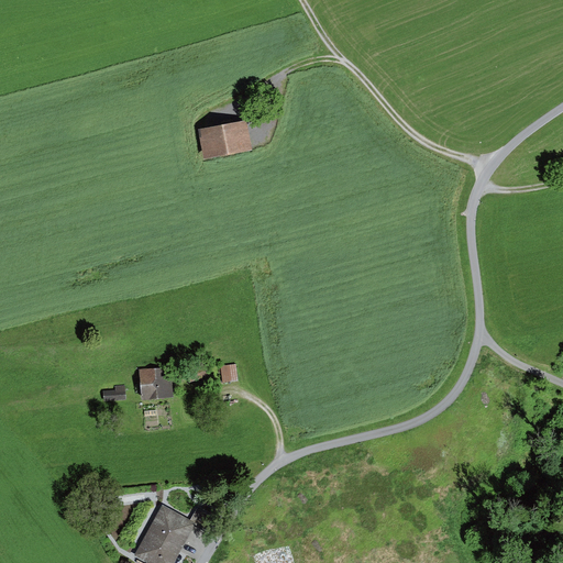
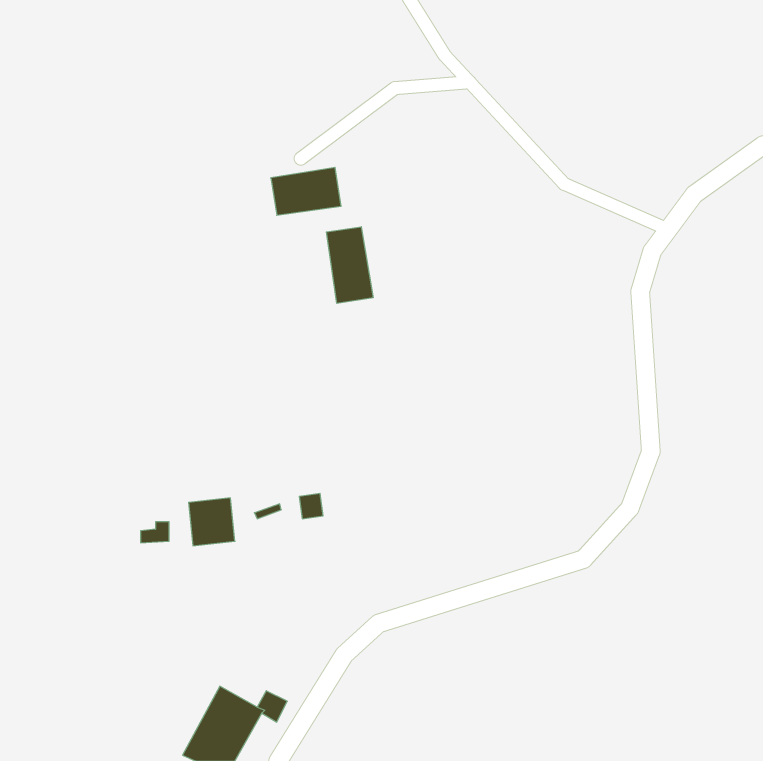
building: none -> [326,227,373,303]

